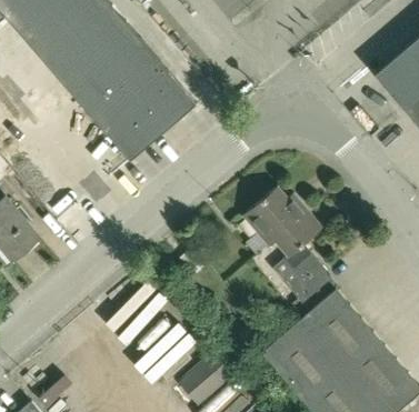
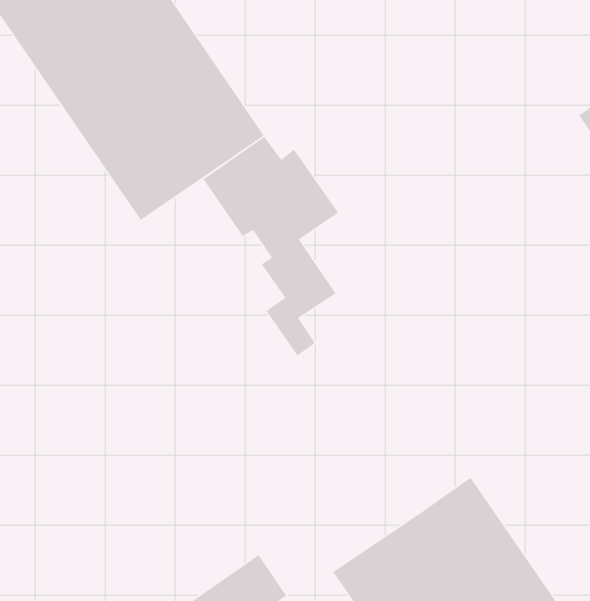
building: [242,187,327,312] -> [202,136,339,357]

